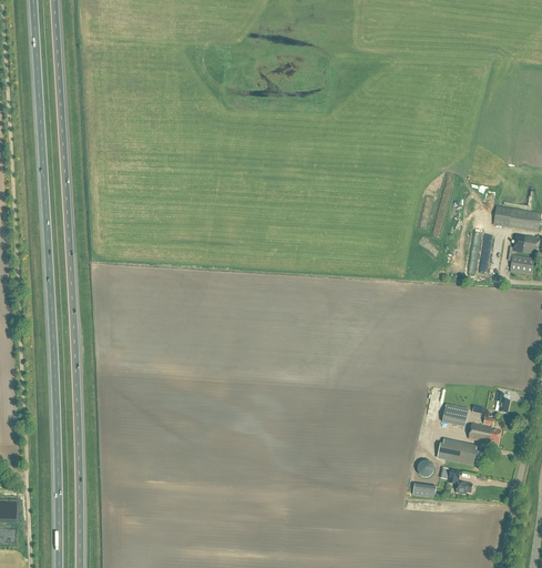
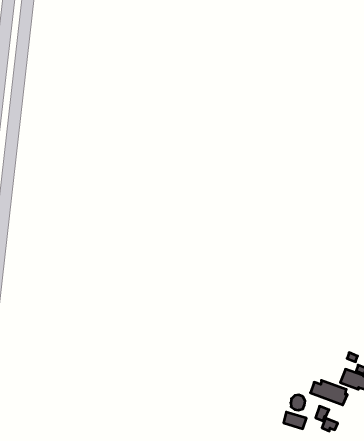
building: [441,403,468,426] -> none

